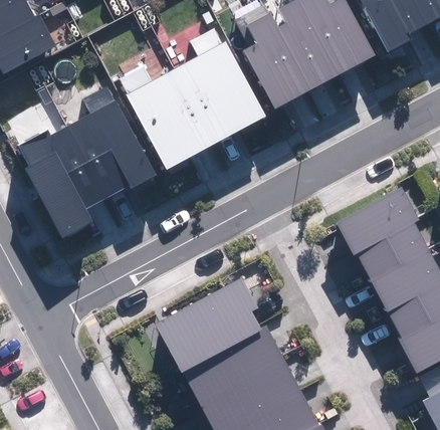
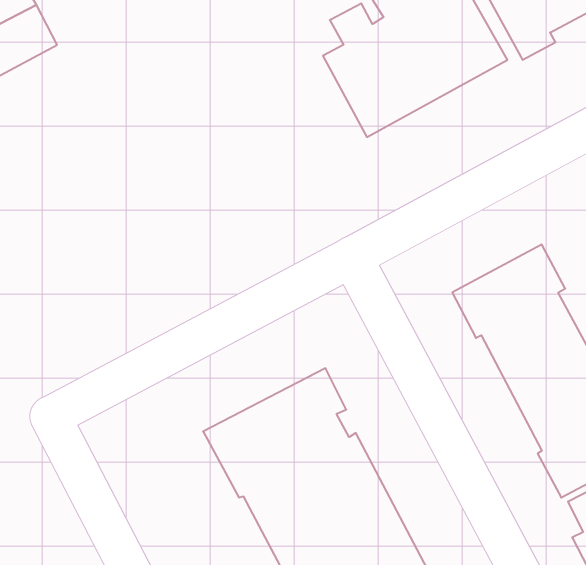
building: [121,27,267,171] -> none
building: [19,85,159,237] -> none

